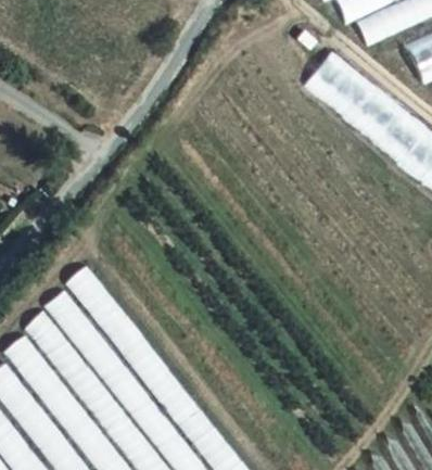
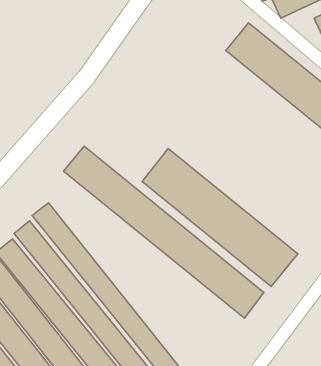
building: none -> [64,146,264,318]
building: none -> [142,148,298,287]

